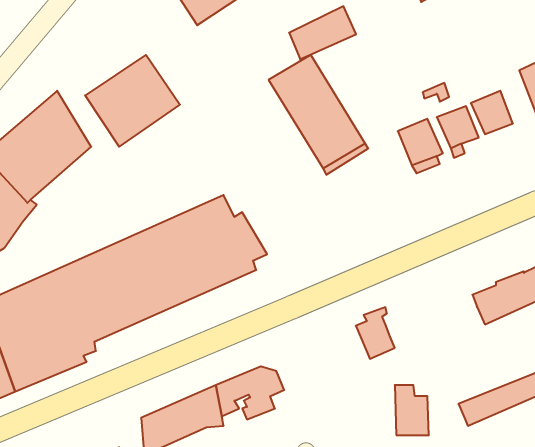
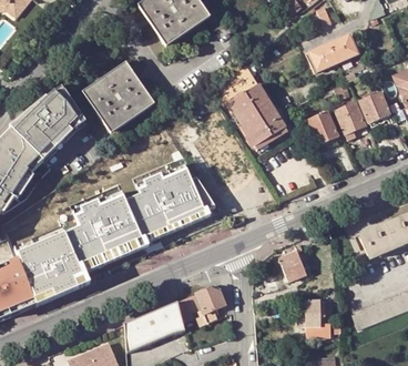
building: [289,6,356,59] -> [309,34,357,72]

